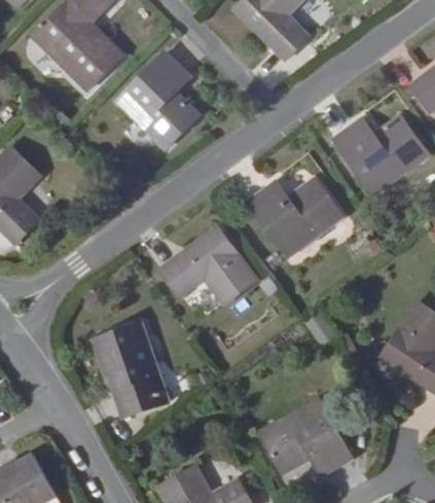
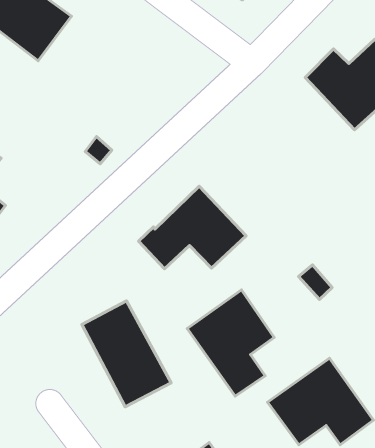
building: [116,52,202,149] -> none
building: [243,176,340,257] -> none
building: none -> [187,290,274,396]

